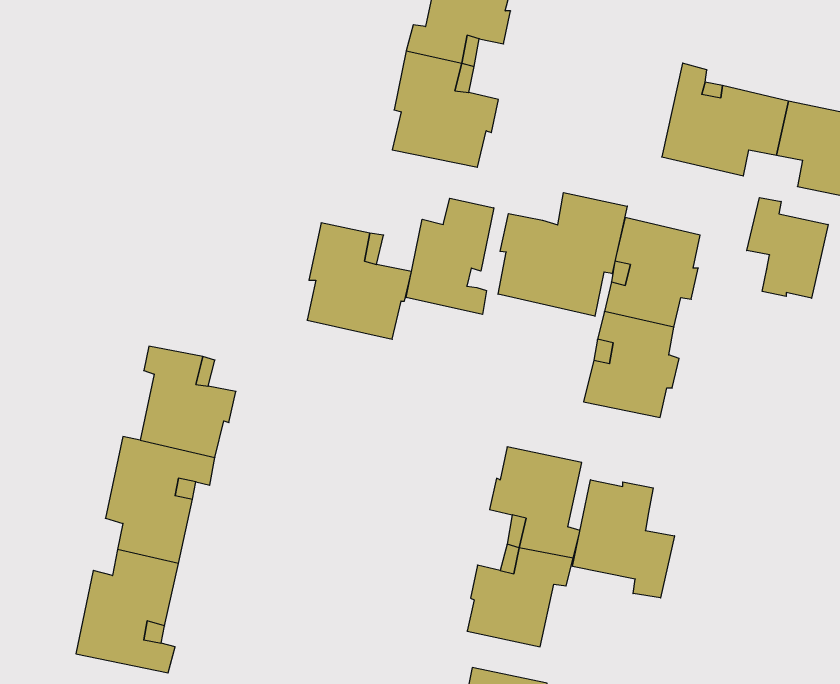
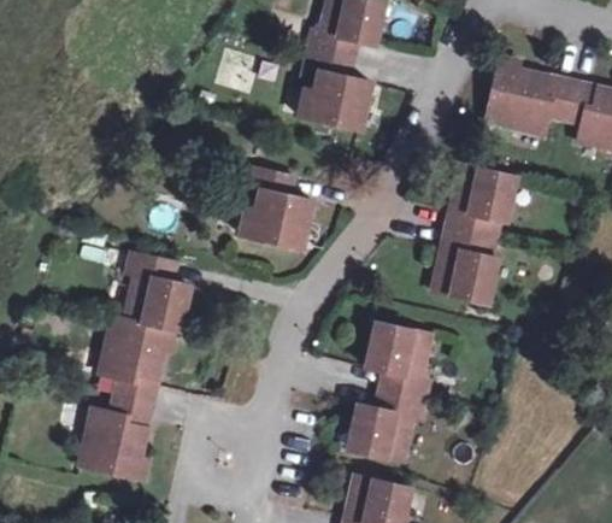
building: [498,193,627,316] -> none
building: [747,198,828,298] -> none
building: [406,198,494,314] -> none
building: [573,480,674,598] -> none

